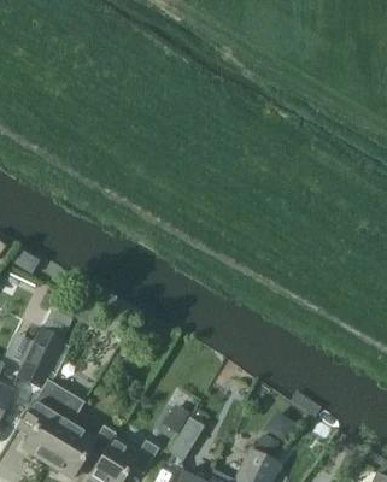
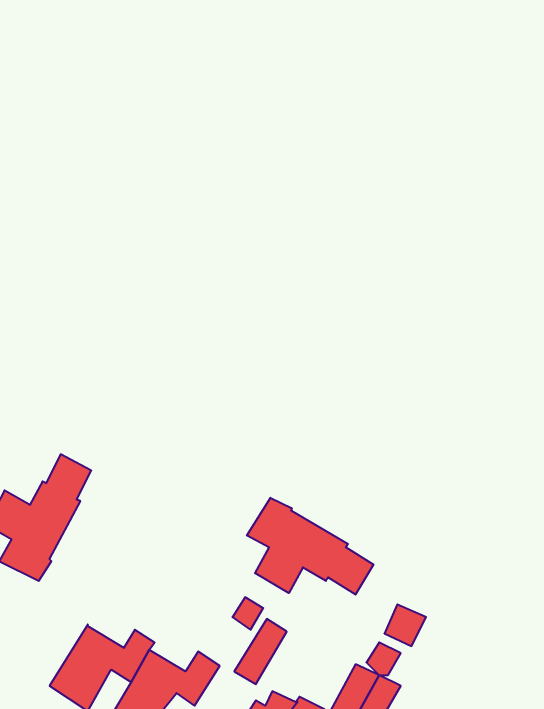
building: none -> [247,498,373,595]
building: [22,378,82,462] -> none

